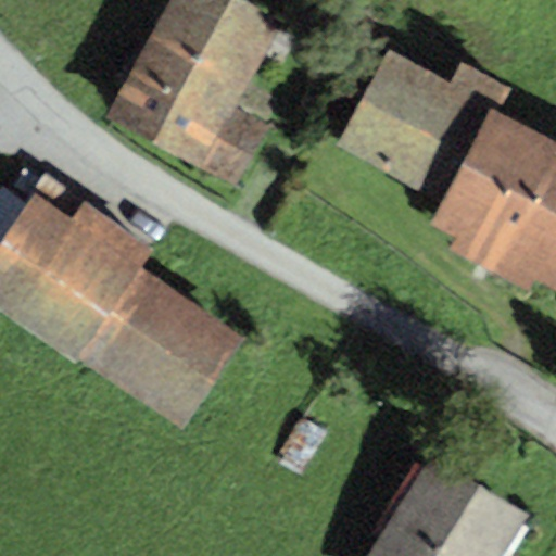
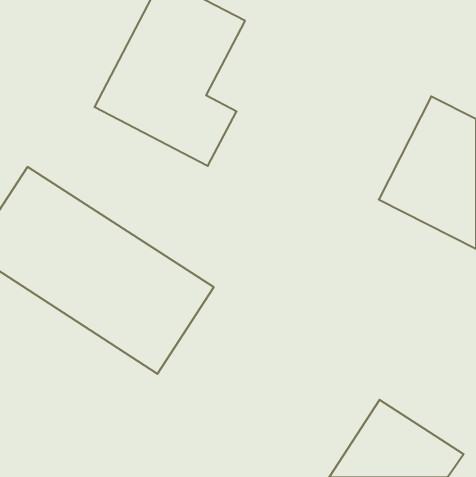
building: [337,47,482,189] -> none

